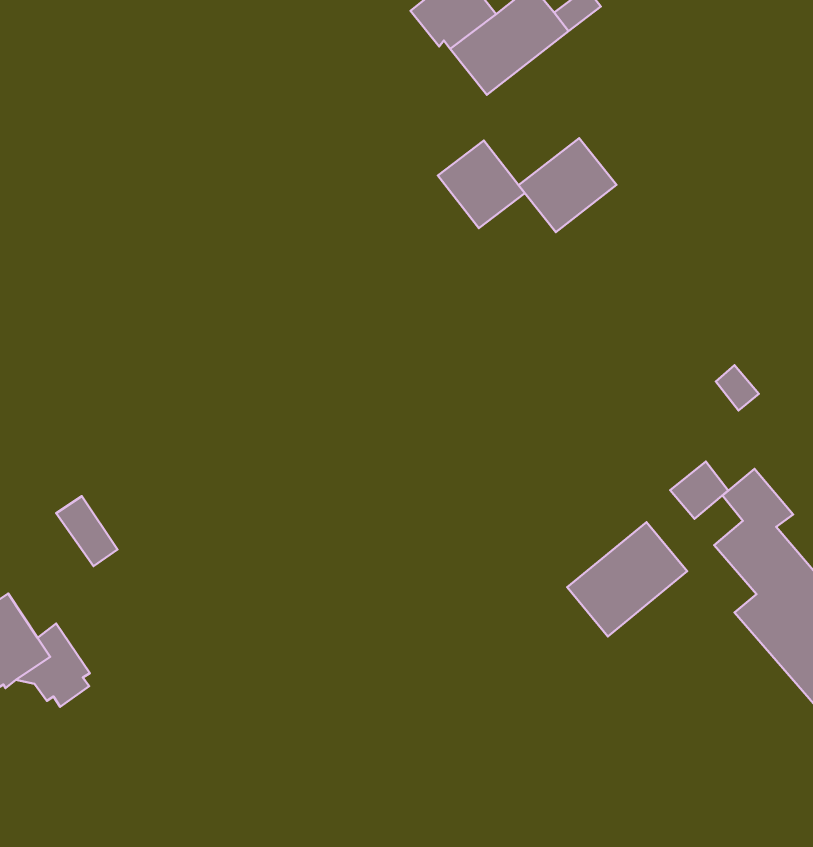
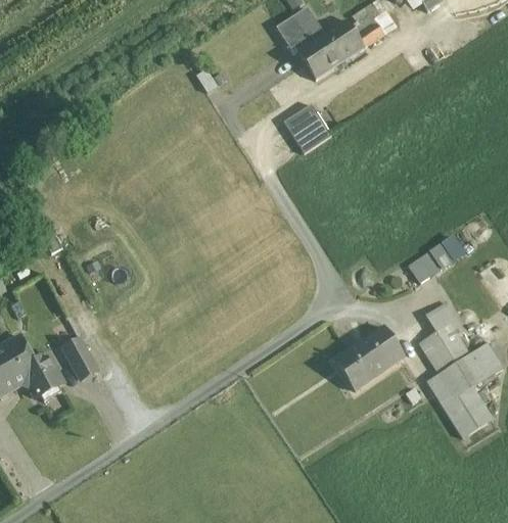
building: [519,138,617,232] -> none
building: [670,462,728,519] -> [408,250,441,282]
building: [56,496,117,566] -> [63,338,96,378]

